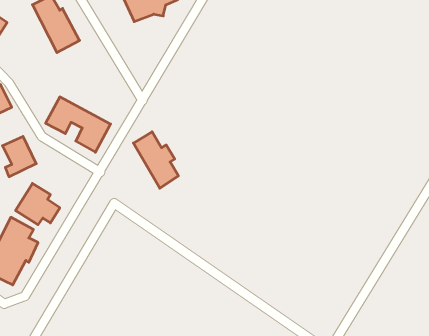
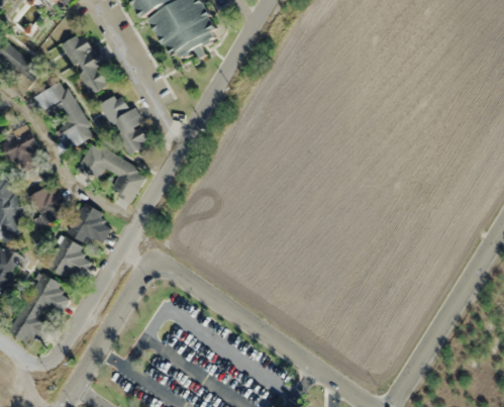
building: none -> [32,80,93,151]
building: [133,132,178,188] -> [99,93,147,154]
building: none -> [67,202,110,248]

